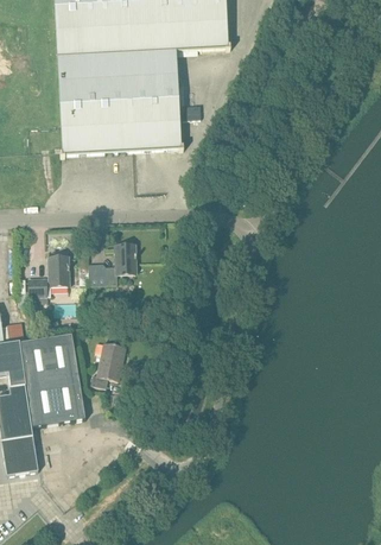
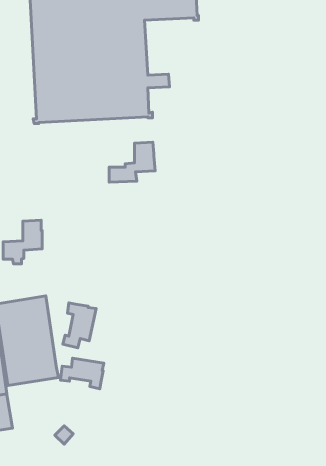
building: [89,243,136,285] -> [109,142,155,182]
building: none -> [60,358,104,389]

